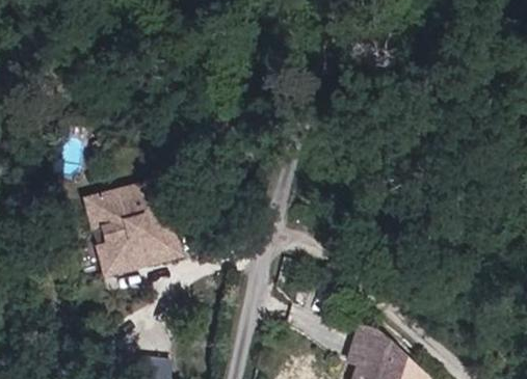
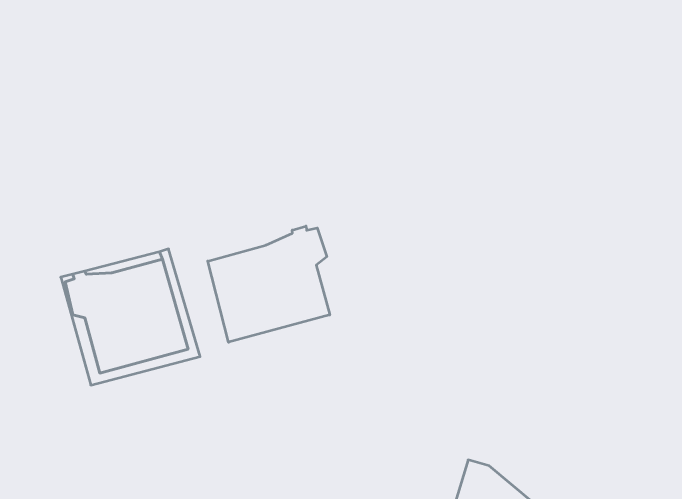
building: none -> [208,226,330,342]

